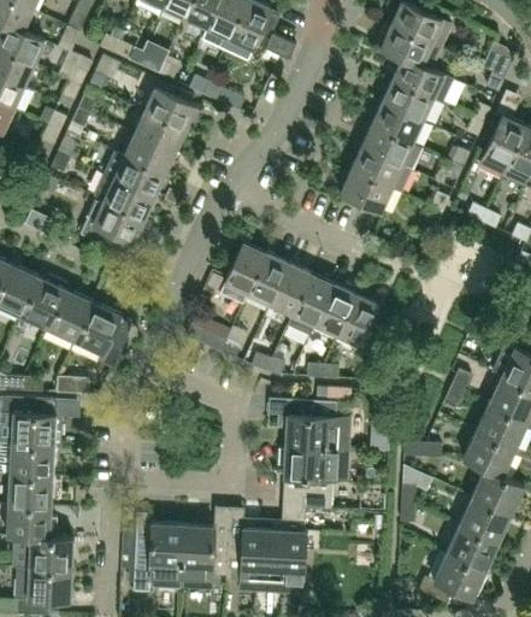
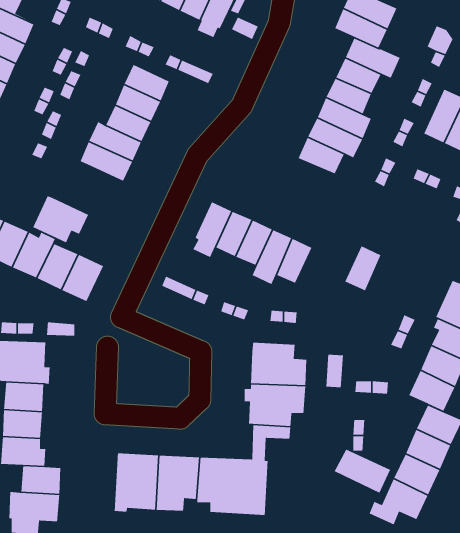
building: [79,198,143,252] -> [32,195,89,243]
building: [336,293,378,345] -> [344,245,382,291]
building: none -> [333,448,391,494]

